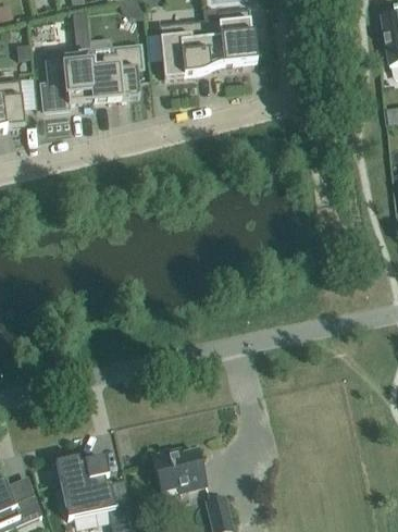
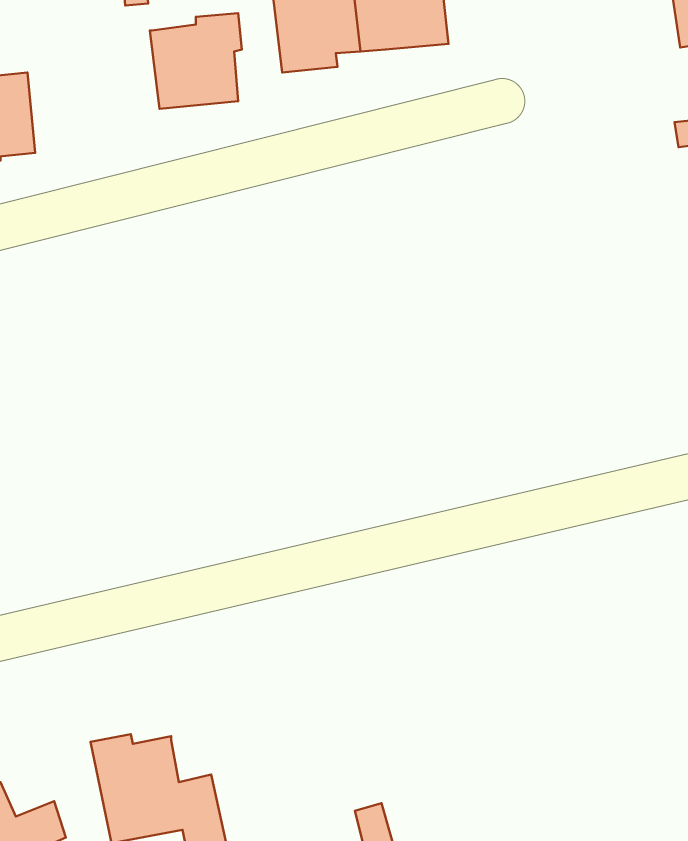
building: [42,52,95,109] -> none
building: [152,447,207,490] -> none

